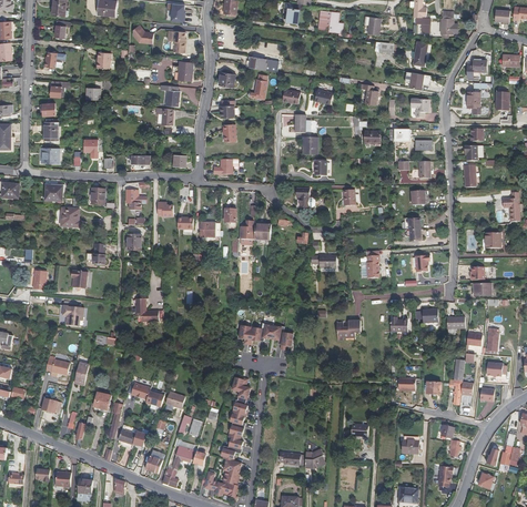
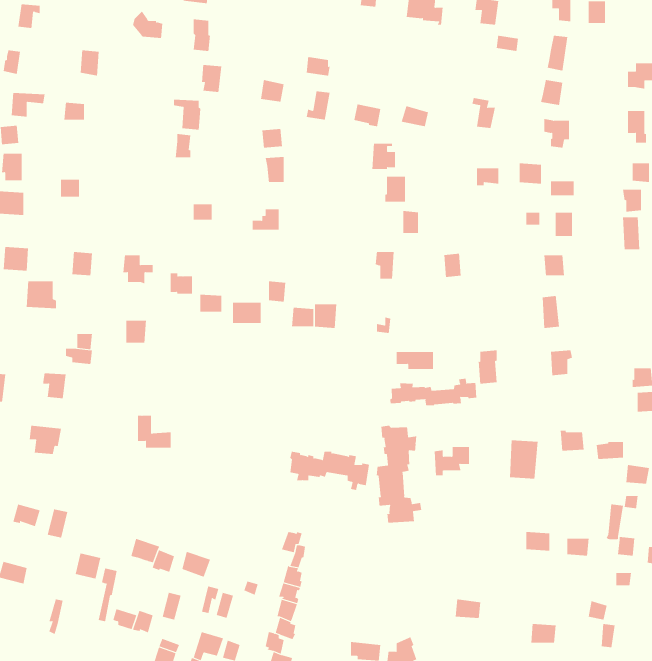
building: none -> [389,378,477,406]
building: none -> [376,425,422,523]

